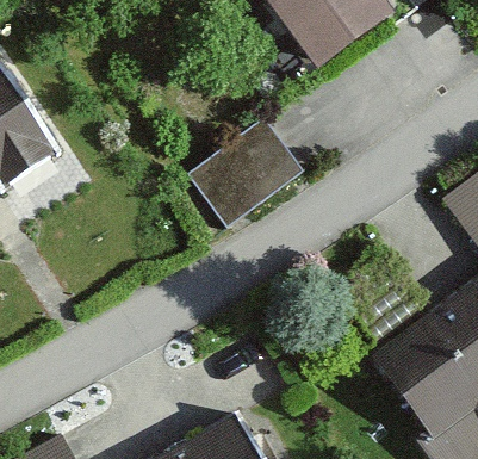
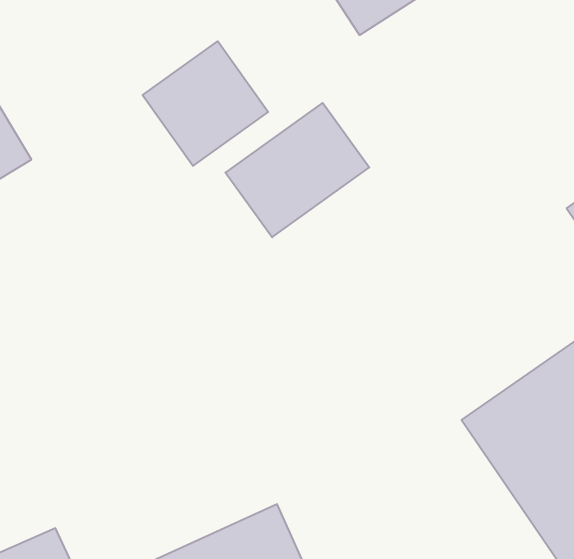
building: none -> [143,41,268,166]

